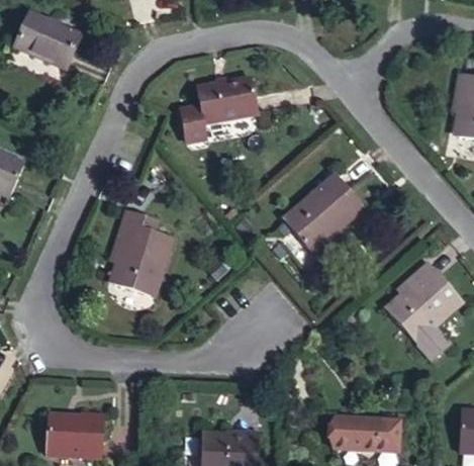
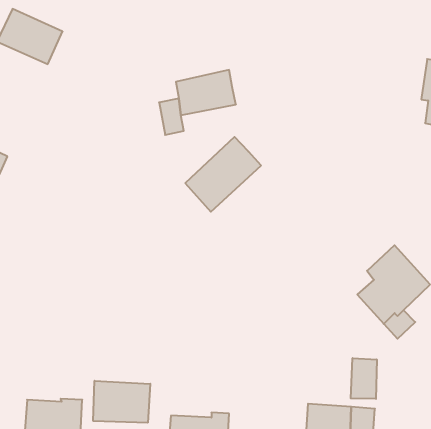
building: [282,165,360,242] -> [185,137,261,212]
building: [111,209,174,296] -> none
building: none -> [351,358,377,399]
building: none -> [93,381,150,423]

